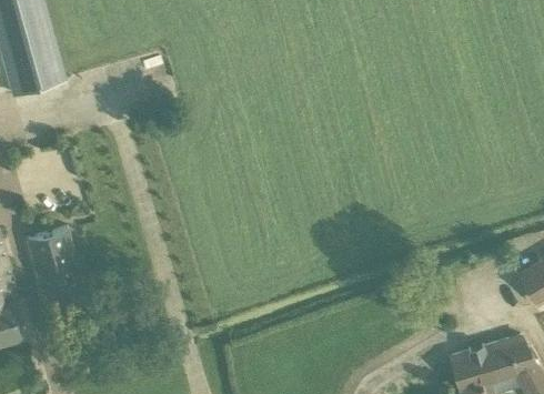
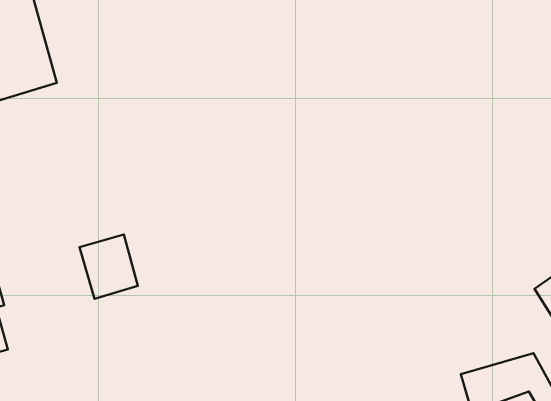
building: [24,228,80,289] -> [79,234,138,299]

